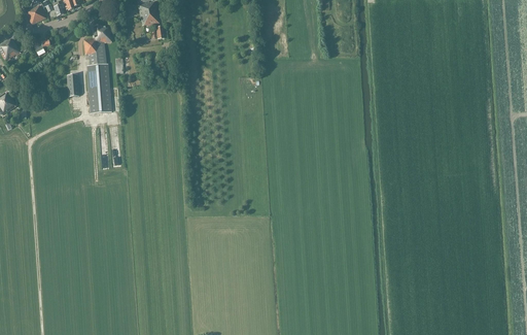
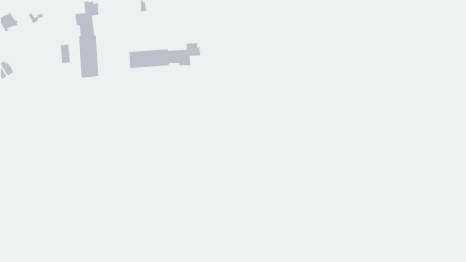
building: none -> [129,42,201,69]

